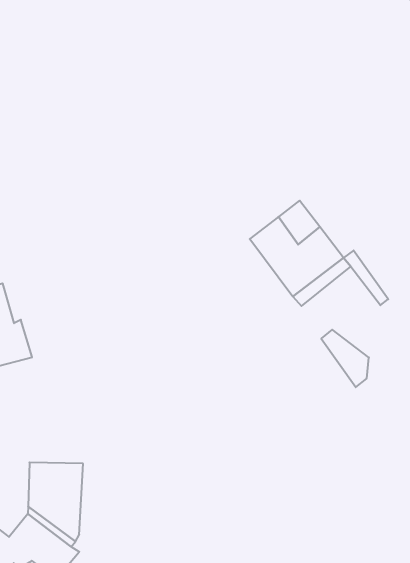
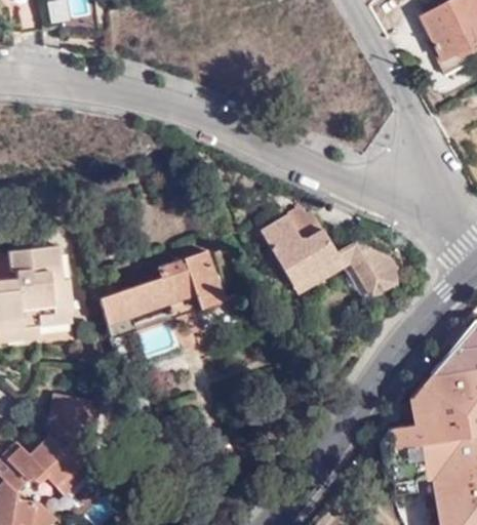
building: none -> [98,253,225,332]
building: [321,330,369,387] -> [352,248,390,299]

